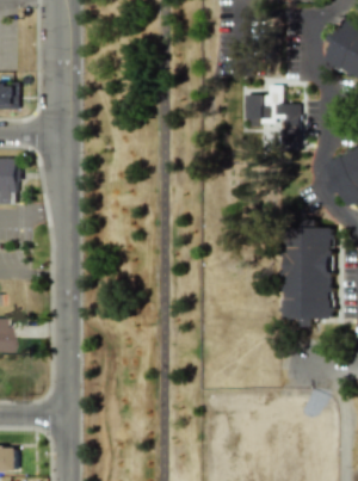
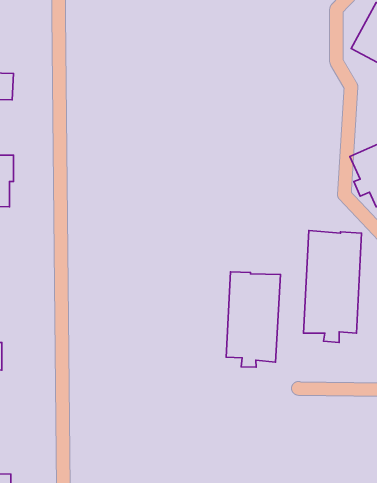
building: [245,85,298,142] -> none
building: none -> [226,272,280,367]

